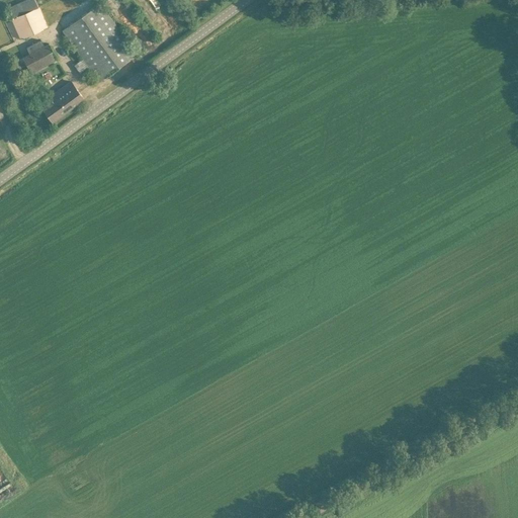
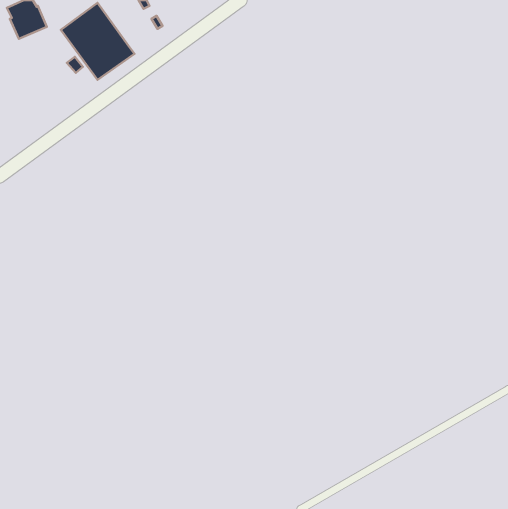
building: [13,40,58,75] -> none
building: [38,82,83,122] -> none

